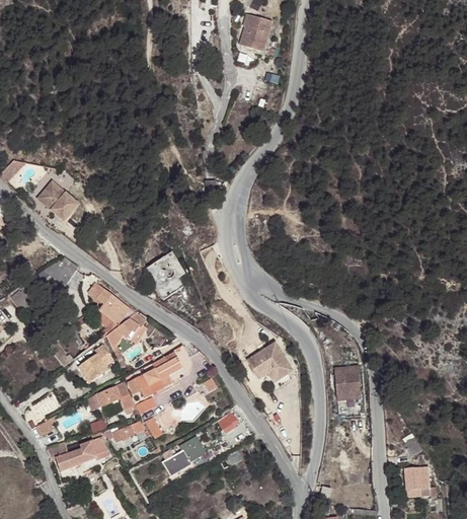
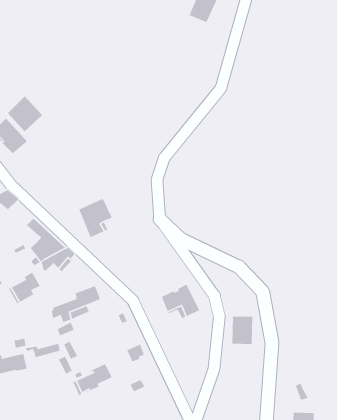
building: none -> [7,95,43,132]
building: [87,384,133,412] -> none

